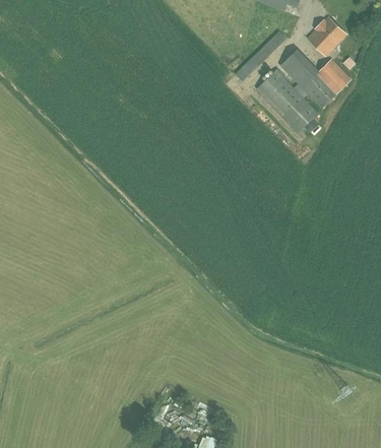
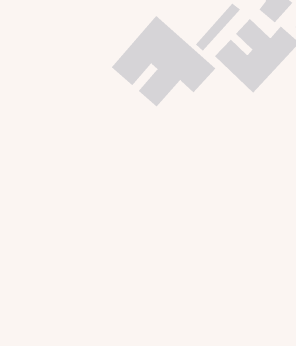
building: none -> [111,15,216,108]

